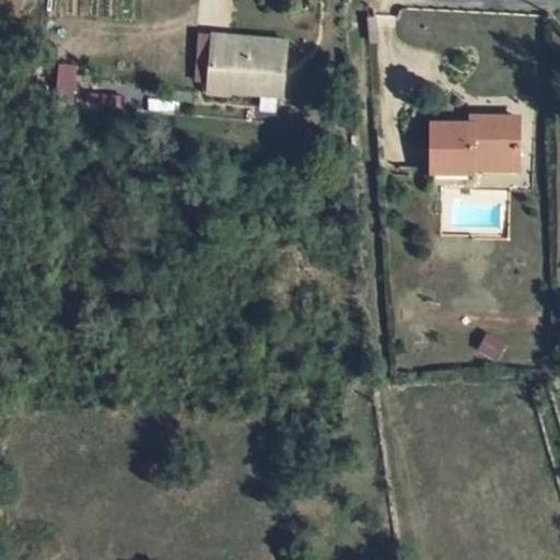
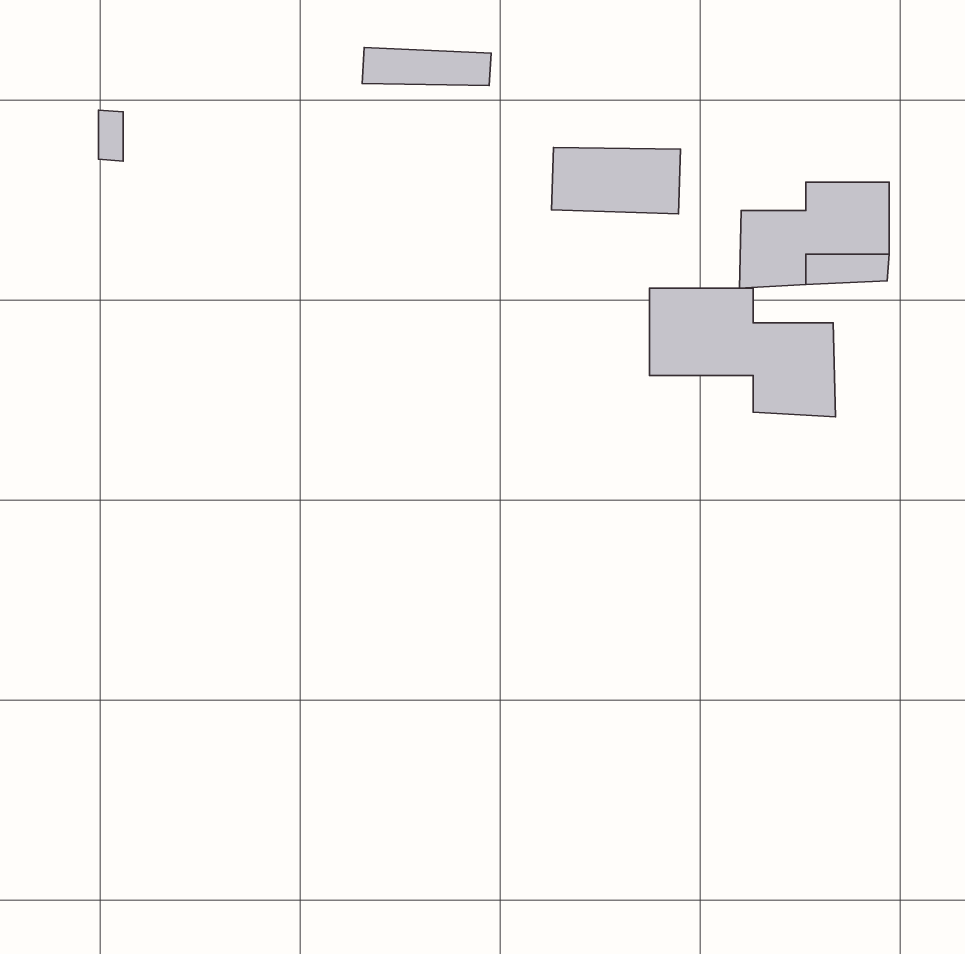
building: [210,57,284,95] -> [551,147,680,214]
building: none -> [650,288,836,417]

